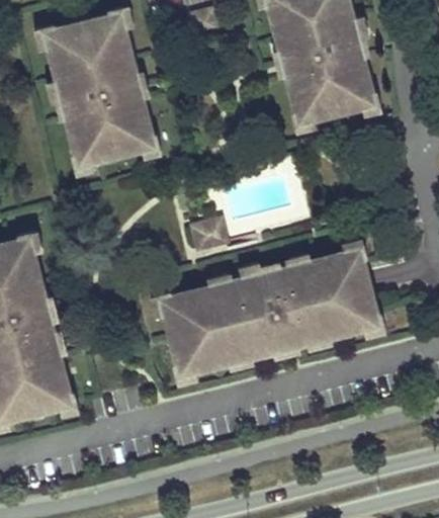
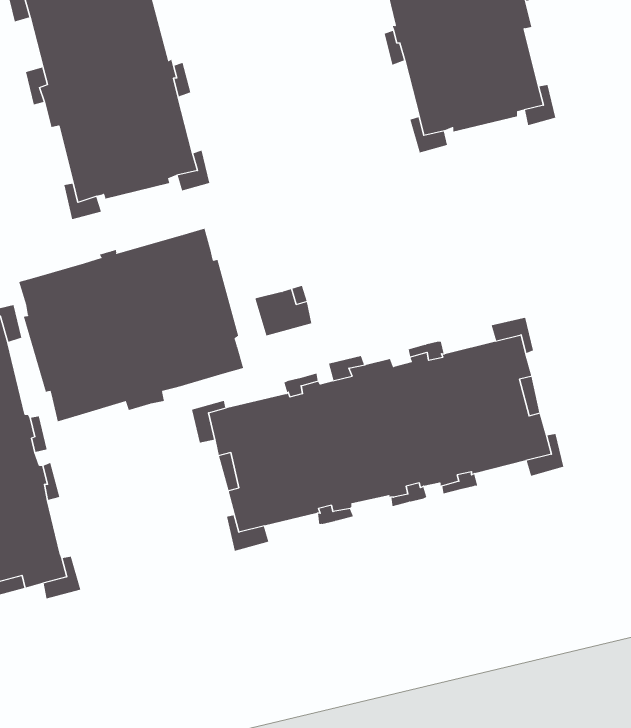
building: none -> [18,228,244,422]

